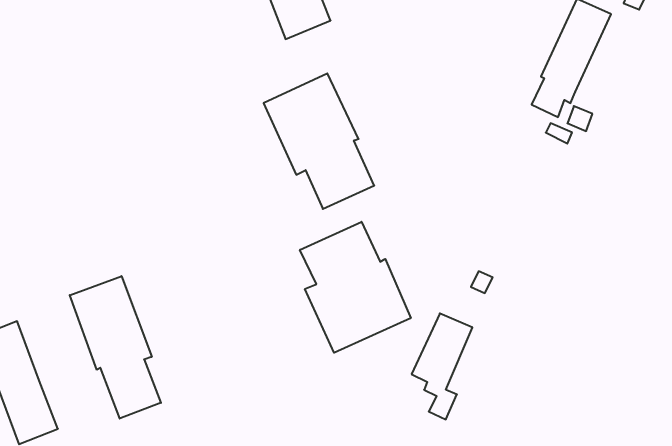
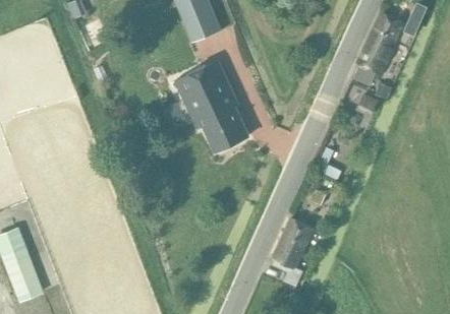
building: [300,222,411,353] -> none
building: [70,276,161,419] -> none

